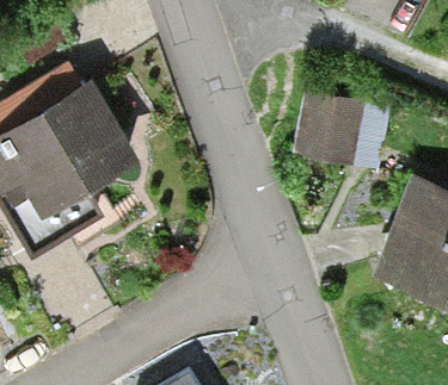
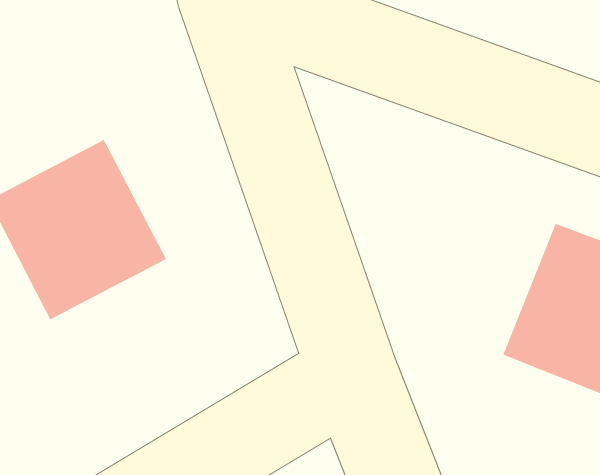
building: [294,89,392,166] -> none

